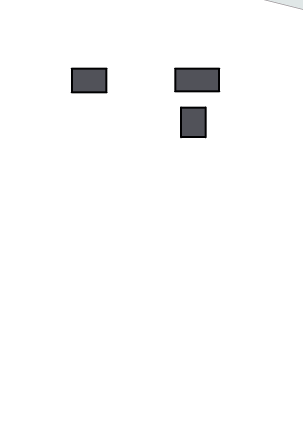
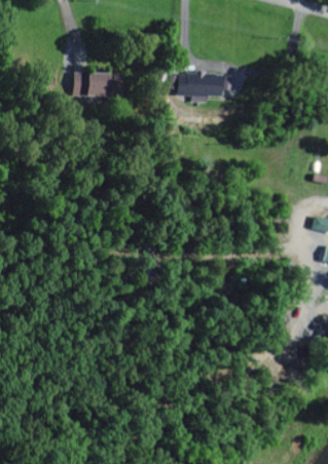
building: [181,107,206,137] -> none

